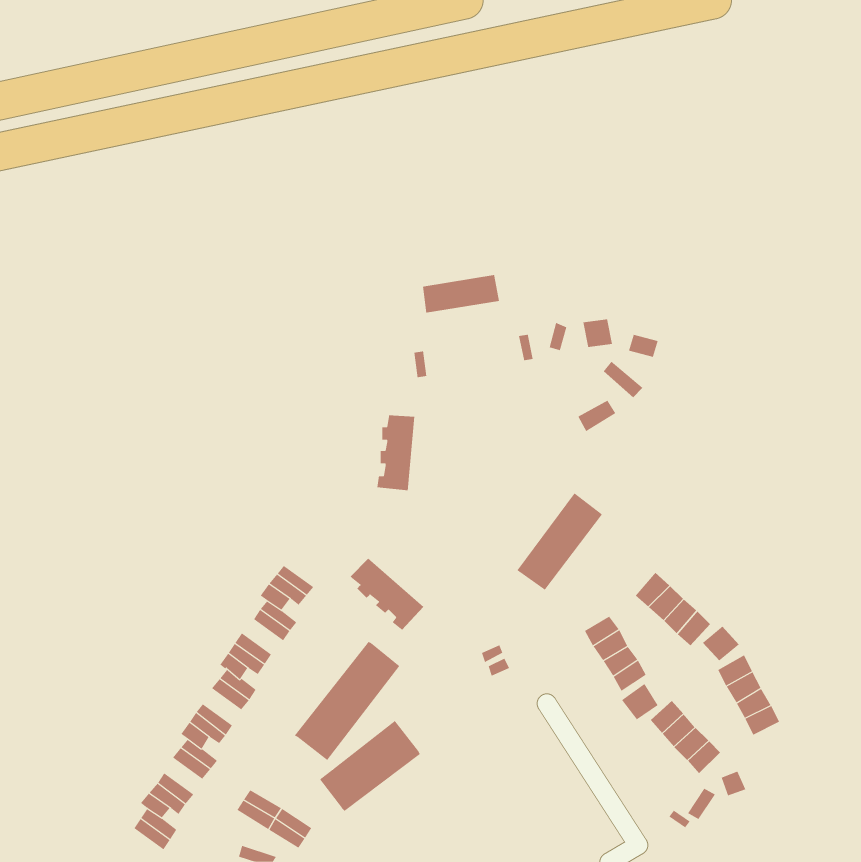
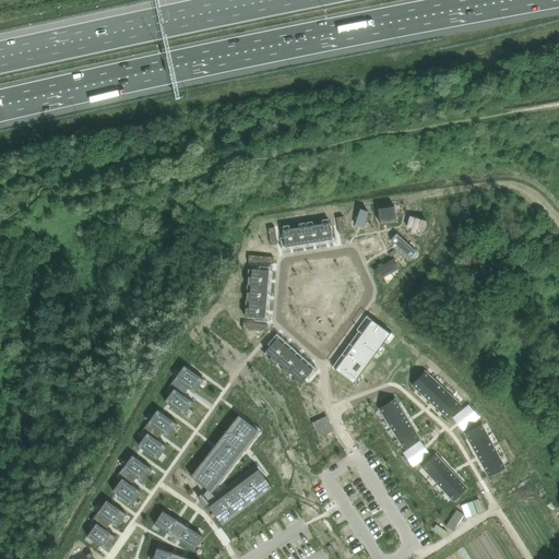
building: [422,274,500,313] -> [282,222,332,247]
building: [350,558,424,631] -> [264,338,312,385]

